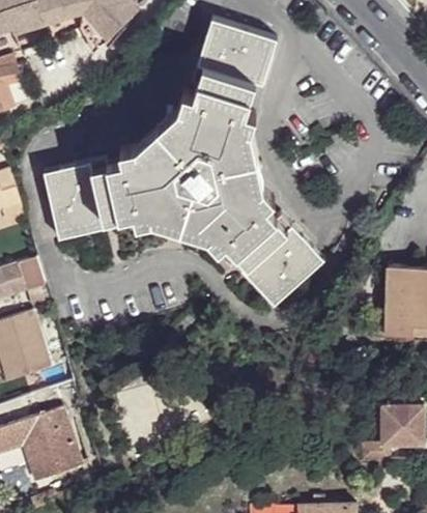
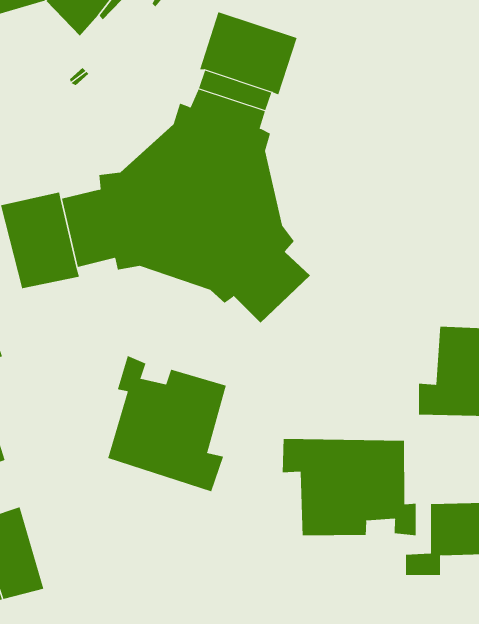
building: [241,224,322,305] -> none
building: none -> [107,355,226,492]
building: none -> [282,438,416,536]

